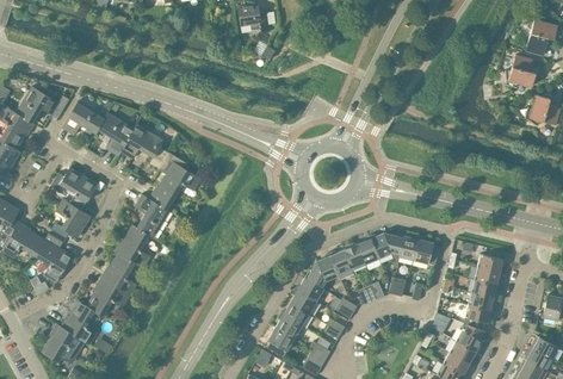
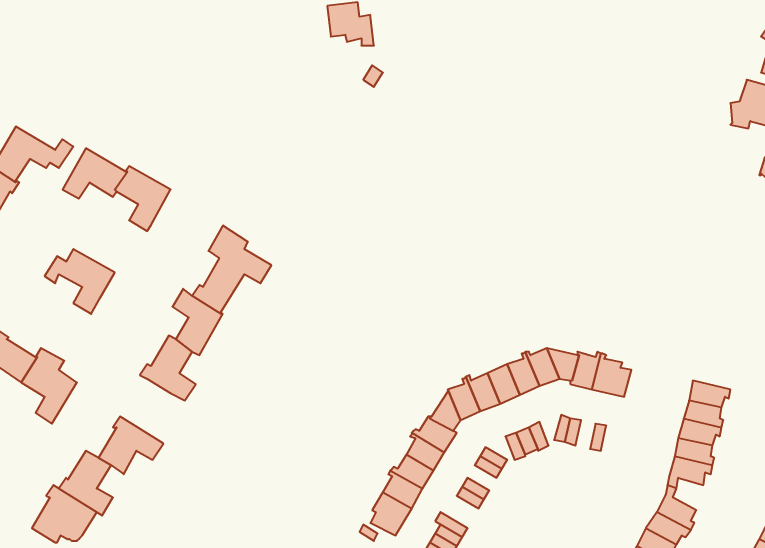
building: [120,125,168,169] -> none
building: [51,200,89,238] -> none
building: [100,254,136,297] -> none

